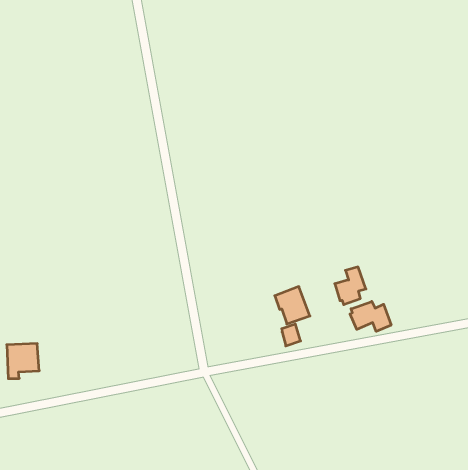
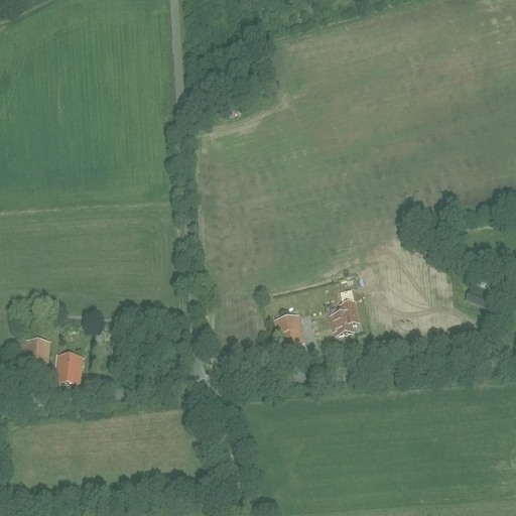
building: [350,301,391,331] -> none
building: none -> [56,352,83,382]

